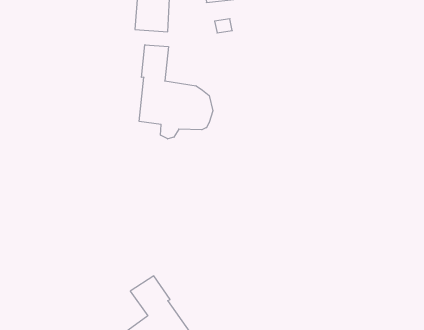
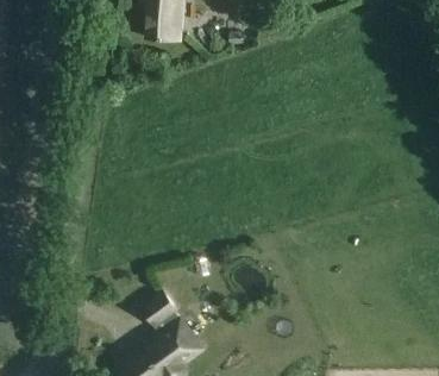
building: [139,45,213,139] -> none

